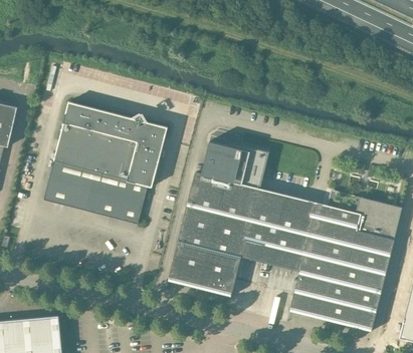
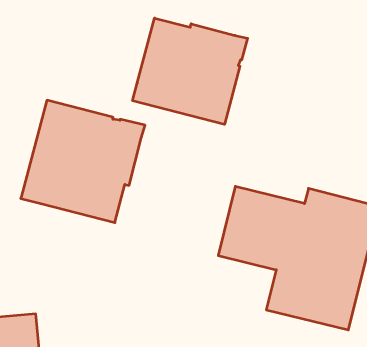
building: none -> [133,18,248,124]
building: [168,142,268,297] -> none

